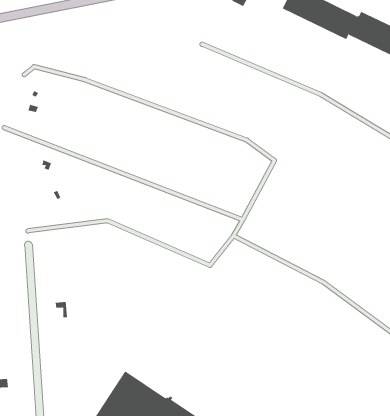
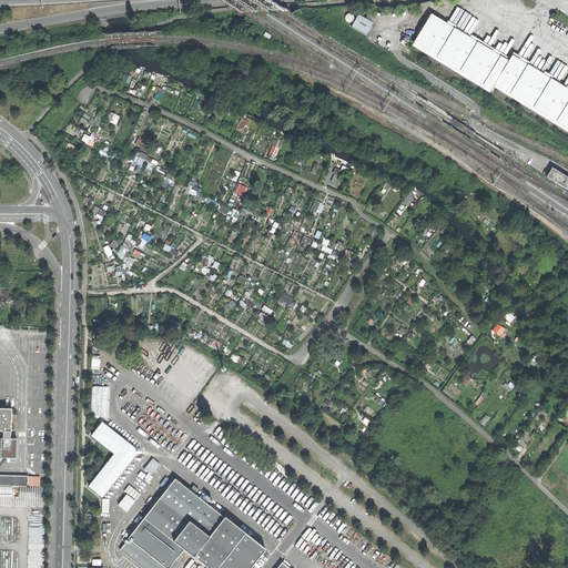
building: none -> [88,423,134,497]

